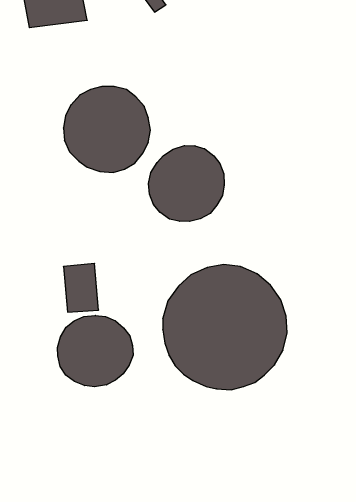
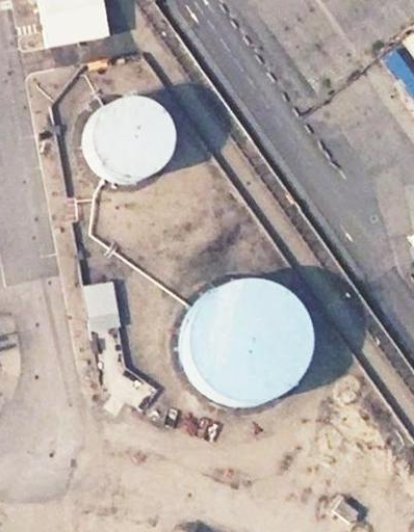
building: [148,146,224,221] -> none
building: [57,315,133,387] -> none

